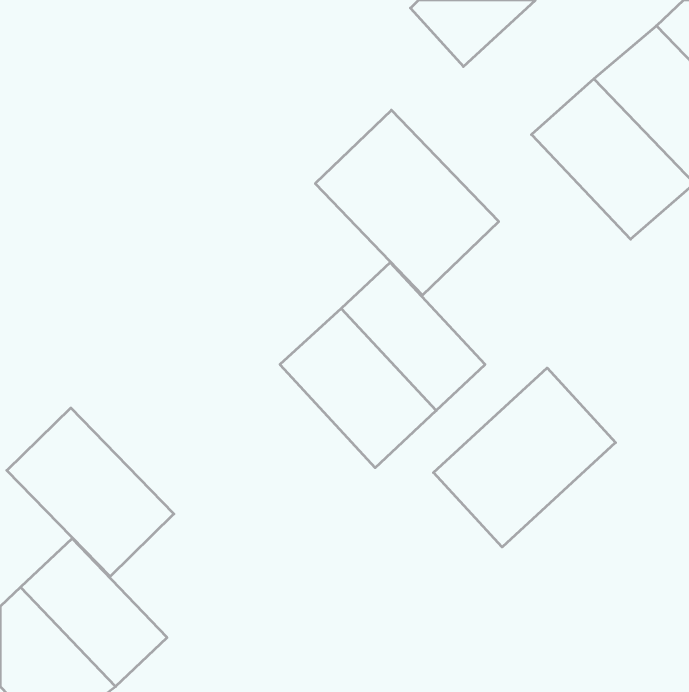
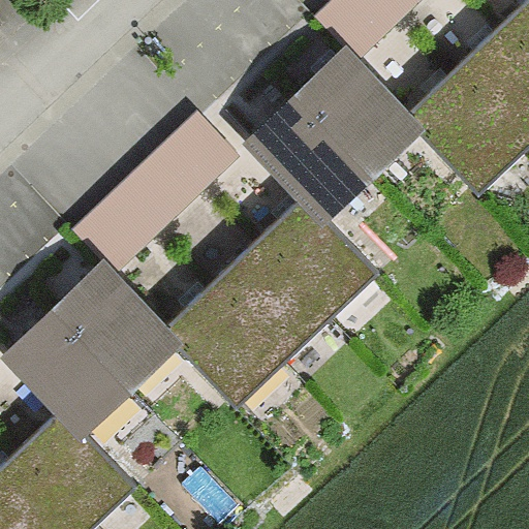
building: none -> [302,46,425,170]
building: none -> [75,107,243,272]
building: none -> [58,266,184,393]
building: none -> [169,279,289,401]
building: [433,368,616,547] -> none

